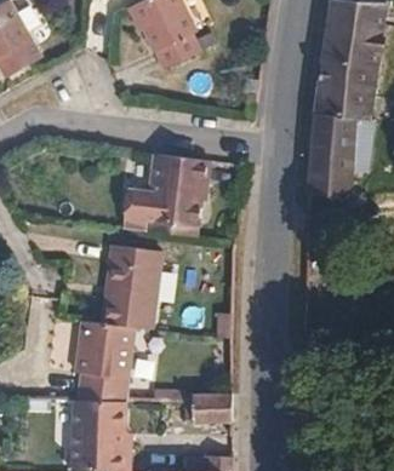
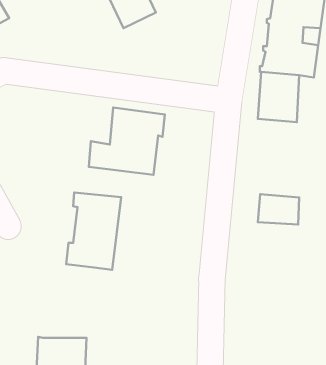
building: [307,166,352,199] -> [258,194,299,224]
building: [75,321,132,403] -> none
building: [185,395,232,426] -> none

